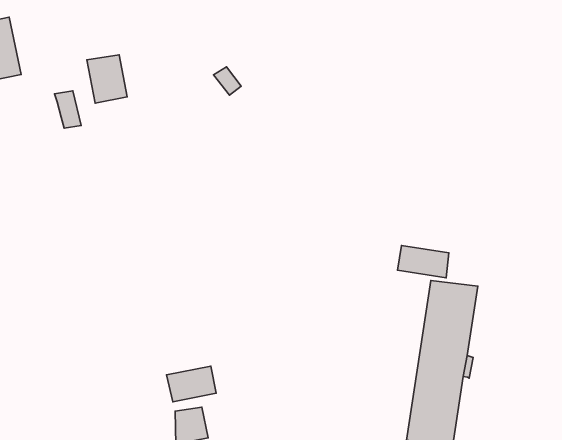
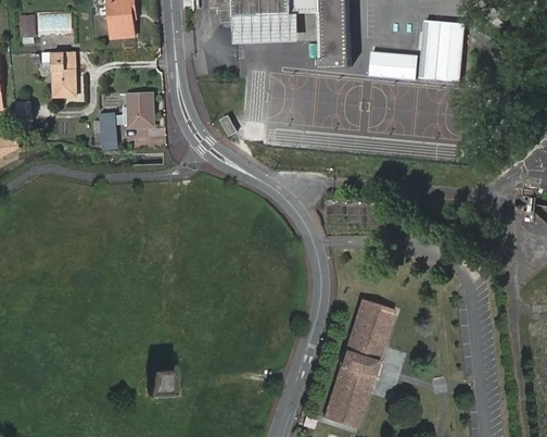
building: [397,245,449,278] -> none
building: [166,366,216,402] -> none

